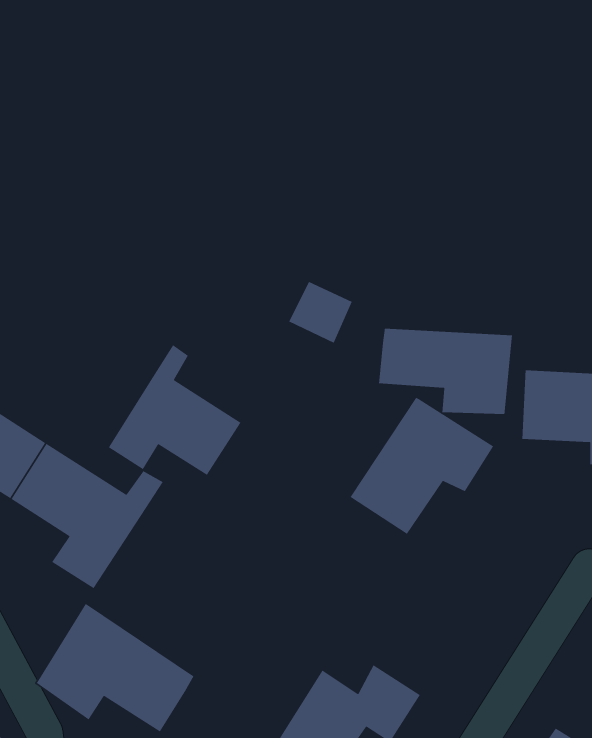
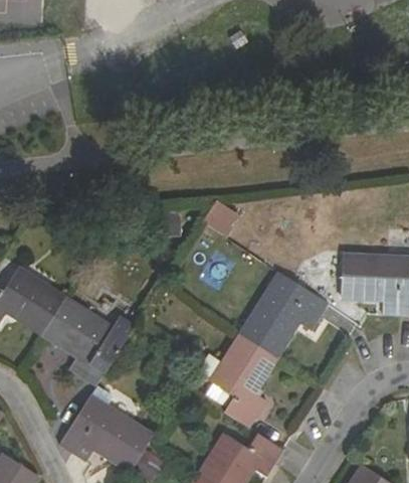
building: [378,328,513,415] -> none
building: [108,344,241,476] -> none
building: none -> [209,331,275,425]

